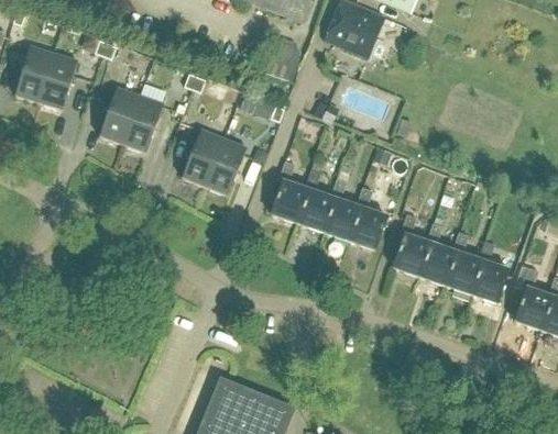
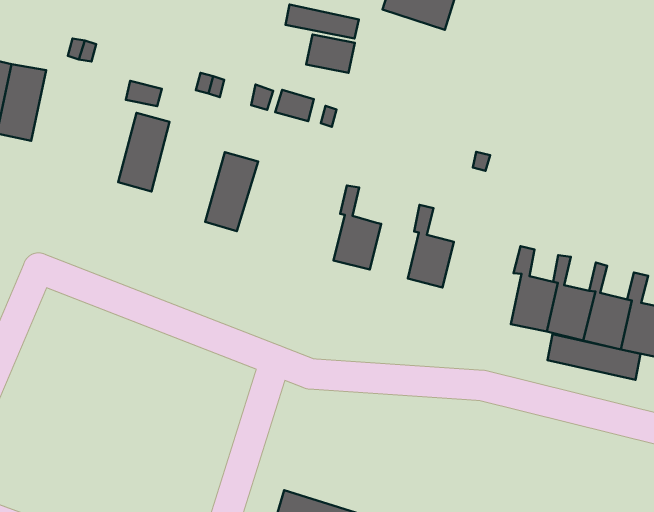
building: [99,87,140,144] -> none
building: [204,138,247,196] -> none
building: [296,158,333,232] -> none
building: [347,188,387,251] -> none
building: none -> [547,334,641,380]

